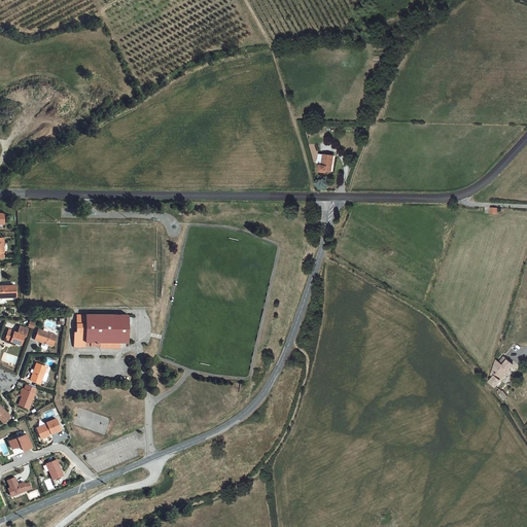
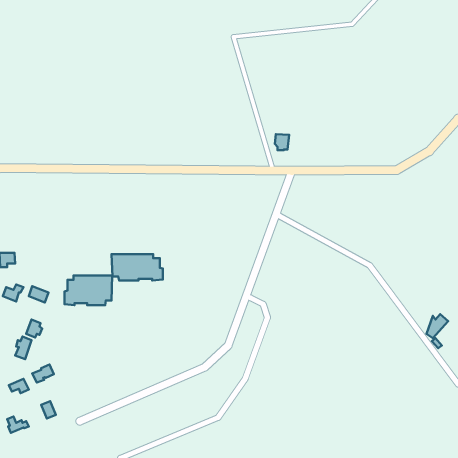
building: none -> [111,254,163,280]

